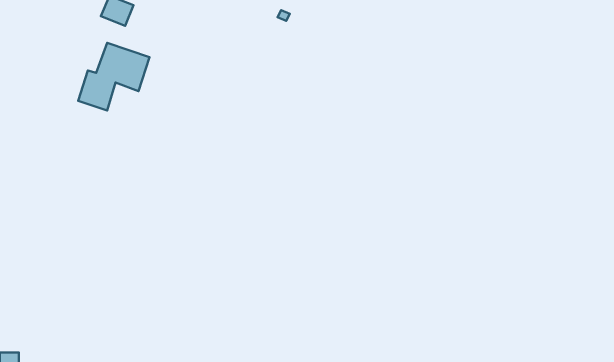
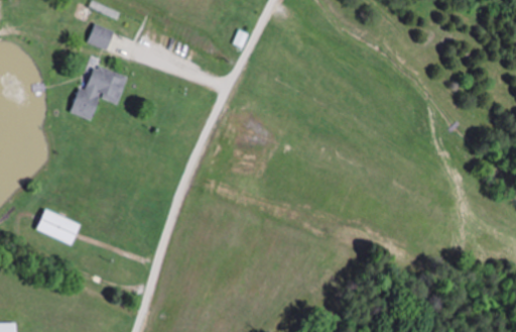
building: none -> [33,209,81,244]

